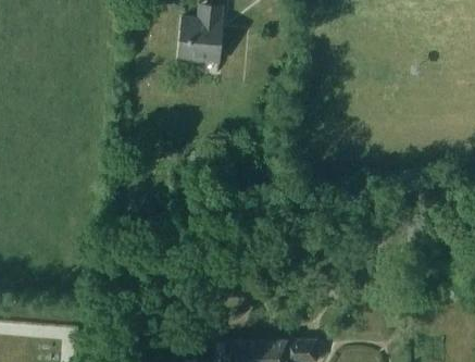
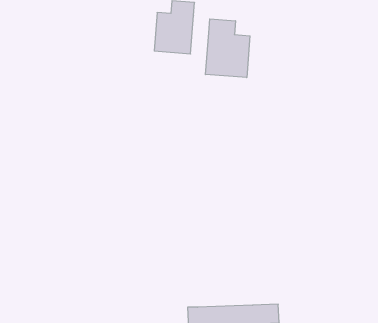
building: none -> [205,19,250,78]

